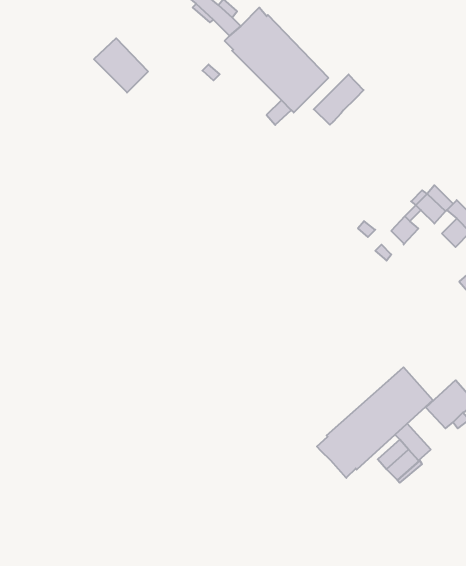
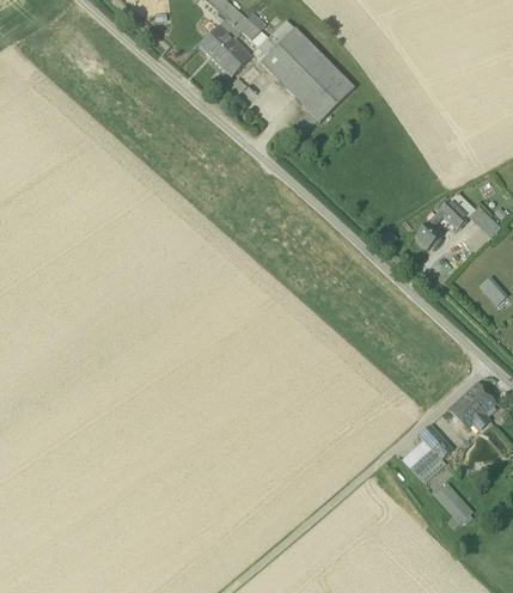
building: [94,38,148,93] -> [199,24,251,77]
building: [314,74,364,125] -> none
building: [317,367,433,478] -> none
building: none -> [436,482,472,528]

